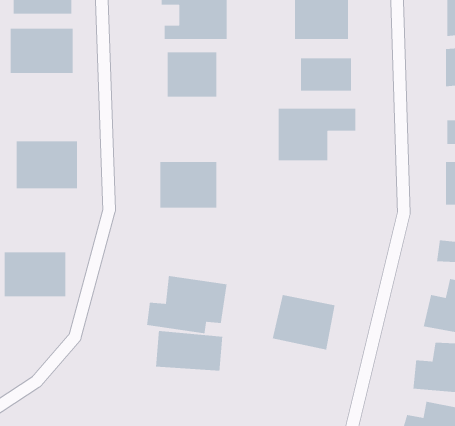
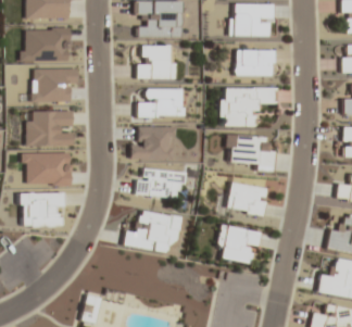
building: none -> [33,68,77,101]
building: none -> [137,88,183,116]
building: none -> [225,134,277,167]
building: none -> [24,152,72,186]
building: none -> [221,180,268,216]
building: [155,330,223,372] -> [136,167,186,198]

